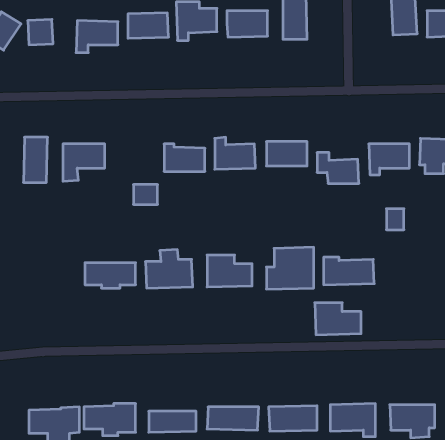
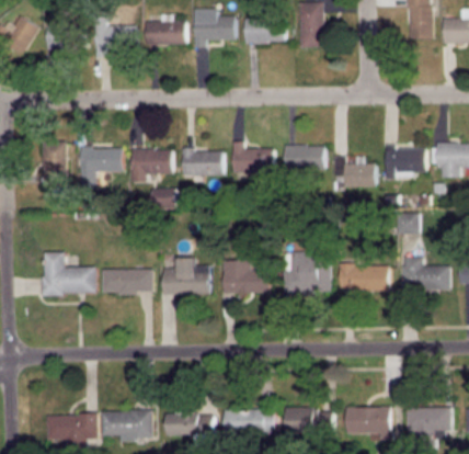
building: none -> [130,150,171,184]
building: none -> [42,250,95,294]
building: [315,303,361,335] -> [404,257,450,288]

